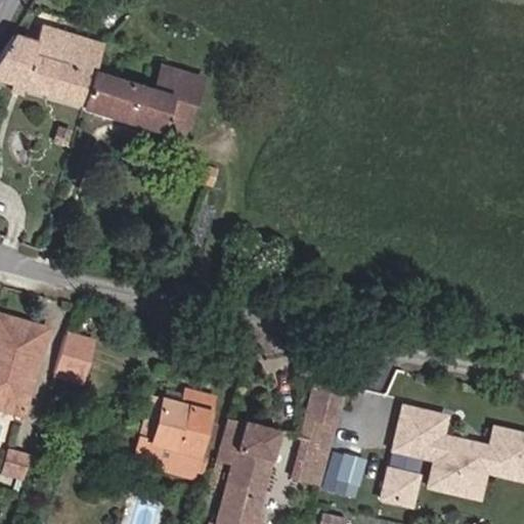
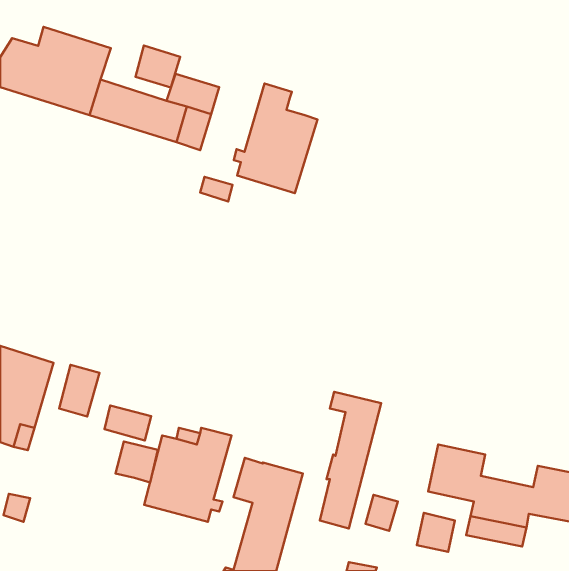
building: none -> [136,46,180,88]
building: none -> [234,83,318,193]
building: none -> [105,405,151,441]
building: none -> [115,441,158,482]

